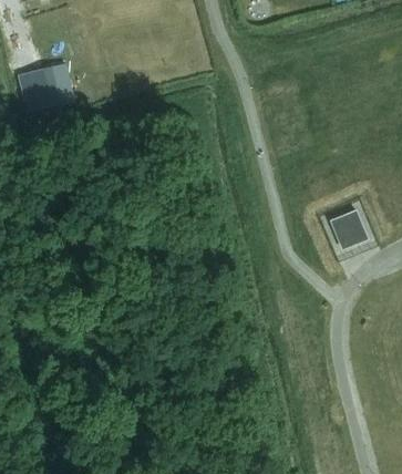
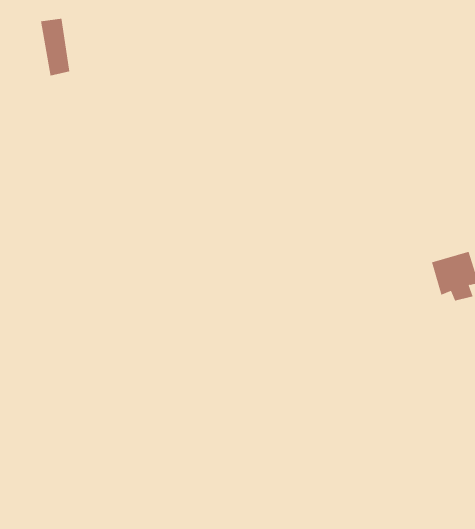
building: [18,71,47,114] -> none

